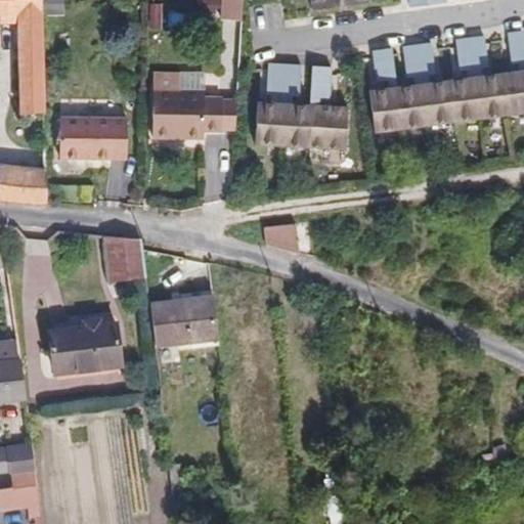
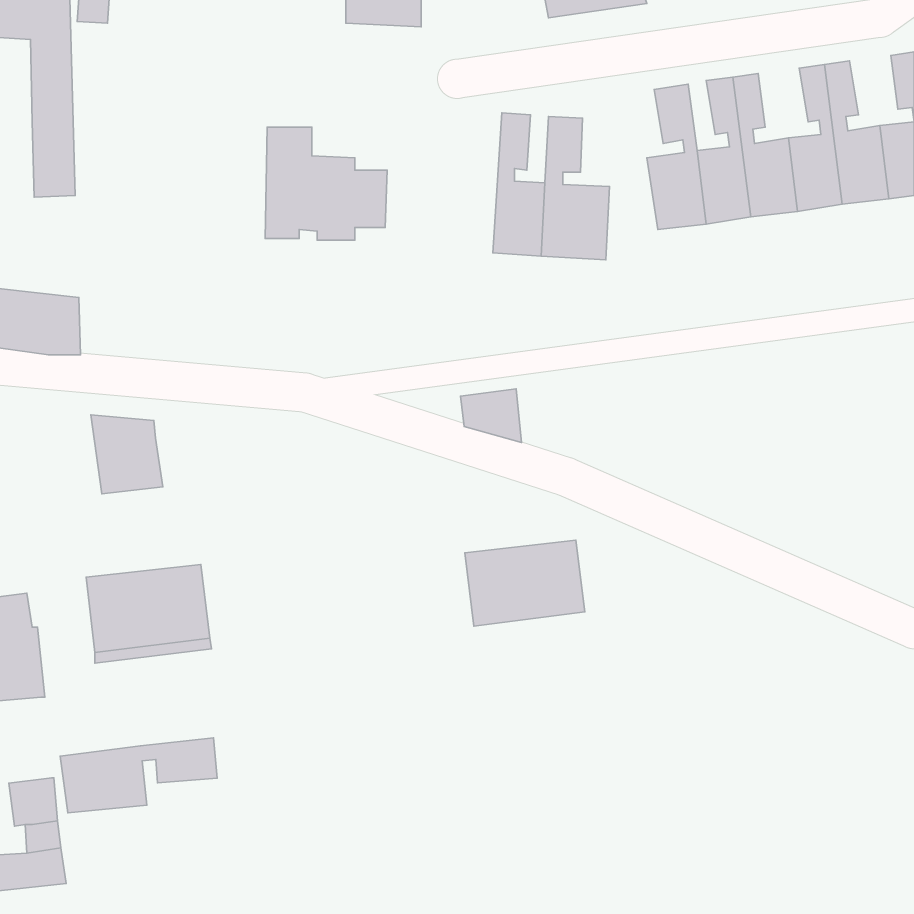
building: [258,64,287,144] -> none
building: [58,117,126,159] -> none
building: [104,235,145,280] -> [91,415,163,494]
building: [148,296,217,345] -> [465,540,585,626]
building: none -> [60,738,217,813]

